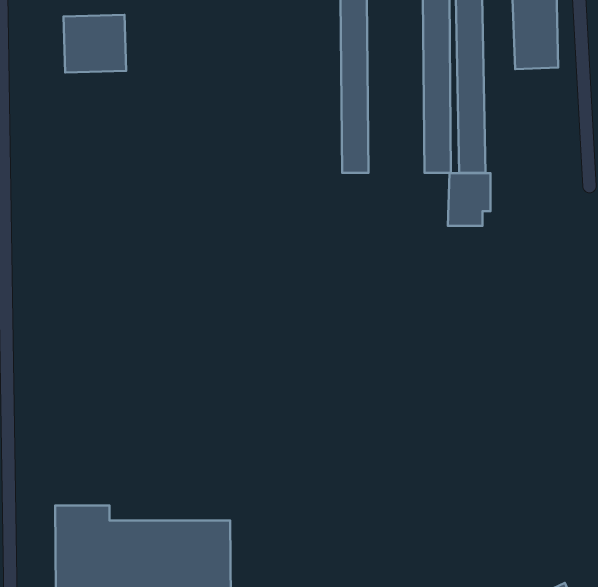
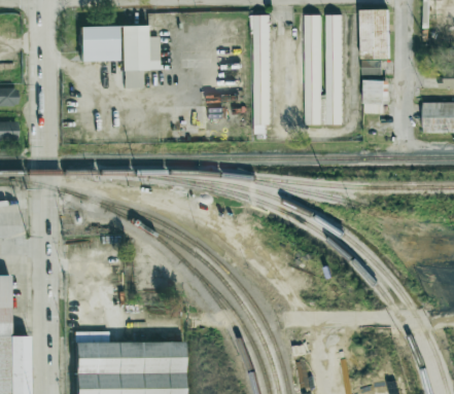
building: none -> [123,26,160,88]
building: [448,173,491,226] -> [363,80,390,113]

